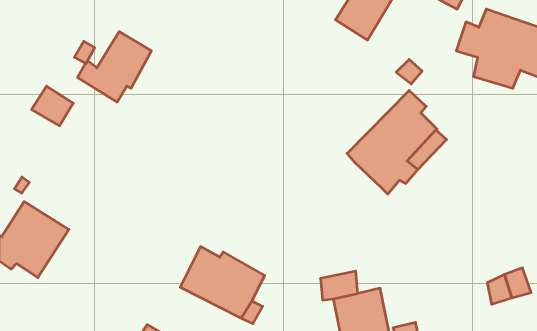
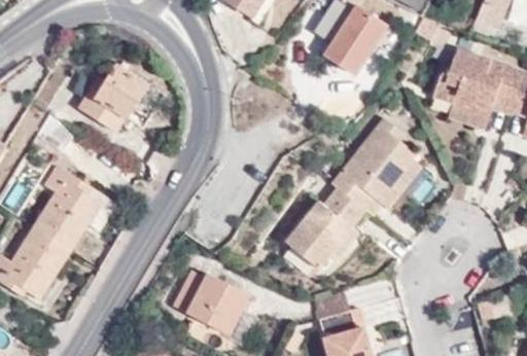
building: none -> [25,164,111,254]
building: none -> [280,189,368,268]

